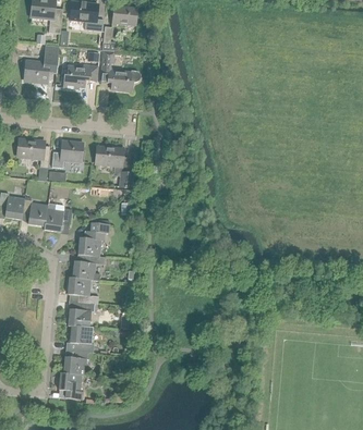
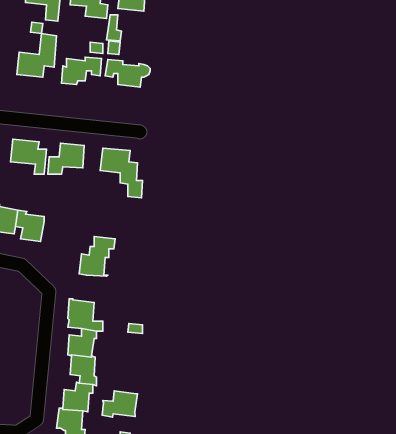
building: [44,202,71,232] -> none
building: [72,256,105,281] -> none
building: none -> [102,391,138,417]

